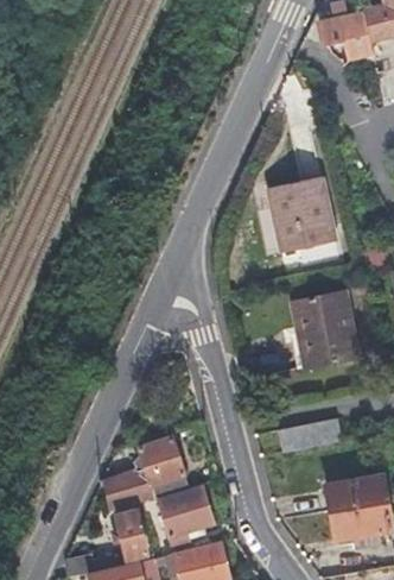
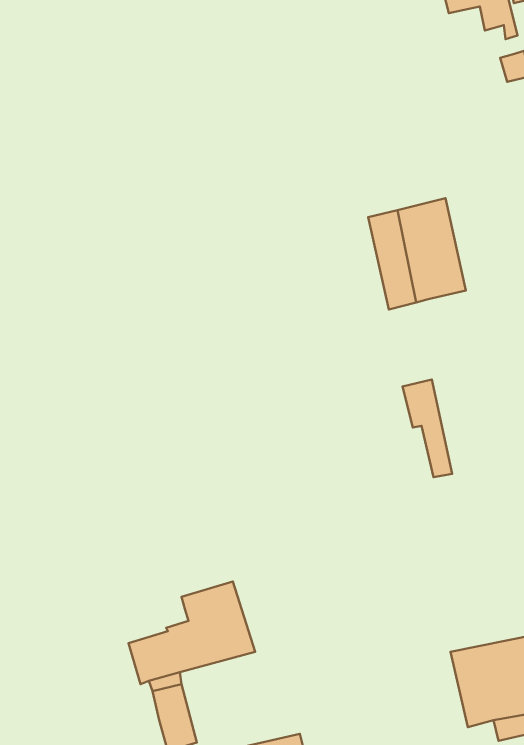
building: [311,292,360,365] -> none
building: [277,416,341,454] -> none
building: [160,488,214,547] -> none

